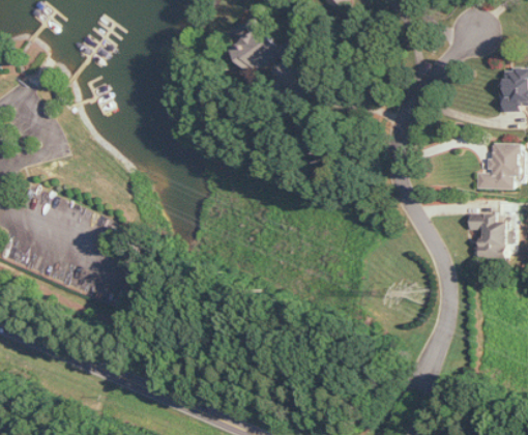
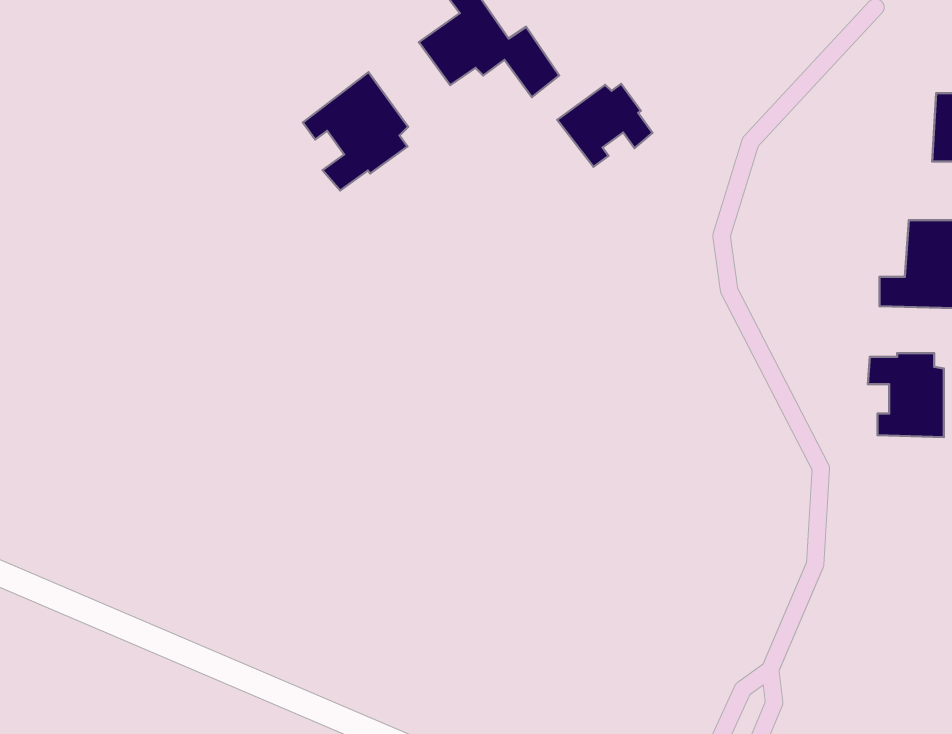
building: none -> [303,72,408,191]
building: none -> [557,84,653,167]

